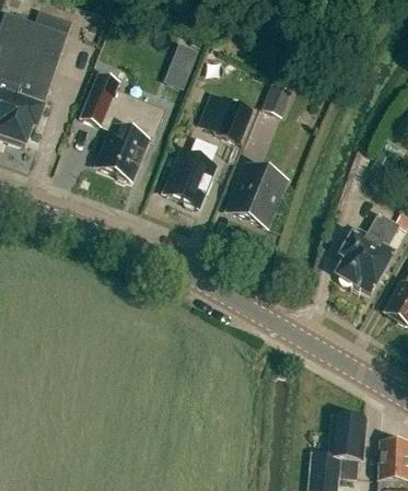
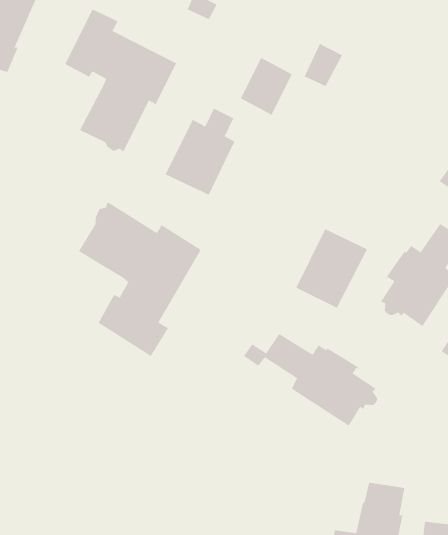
building: [232,166,284,226] -> [296,228,368,309]
building: none -> [78,201,201,357]
building: none -> [243,333,378,427]

